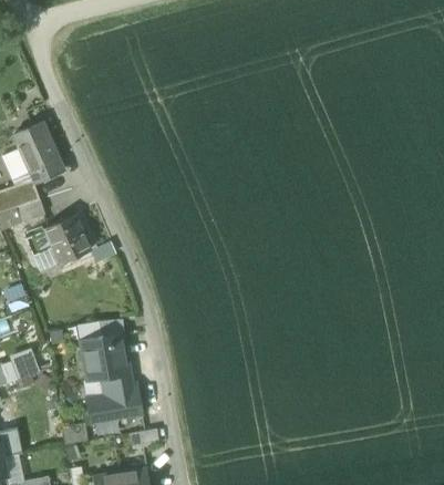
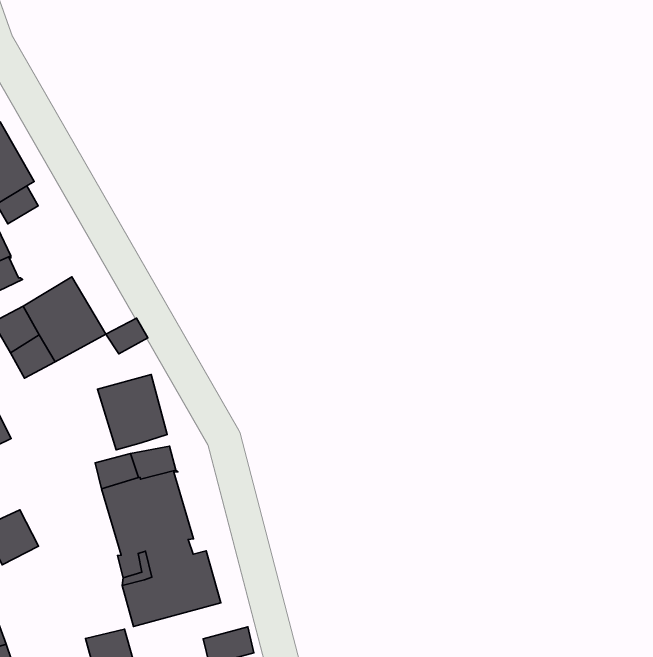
building: none -> [98,374,167,450]

